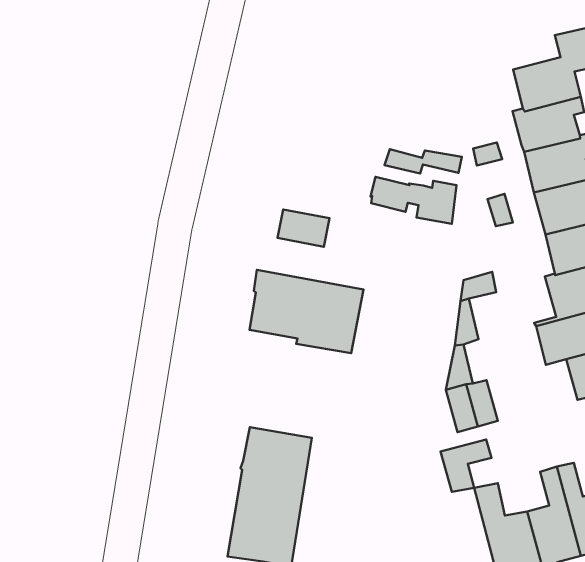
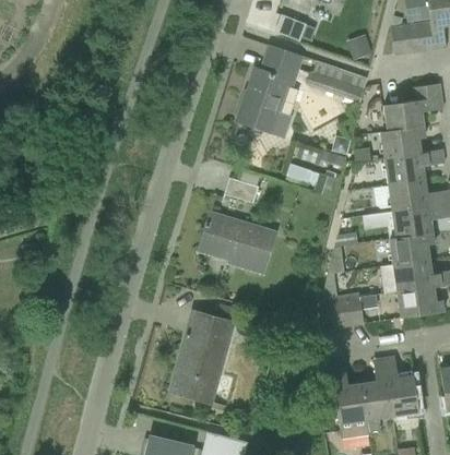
building: none -> [305,58,367,101]
building: none -> [239,58,298,135]
building: [440,439,492,492] -> [346,294,378,324]

